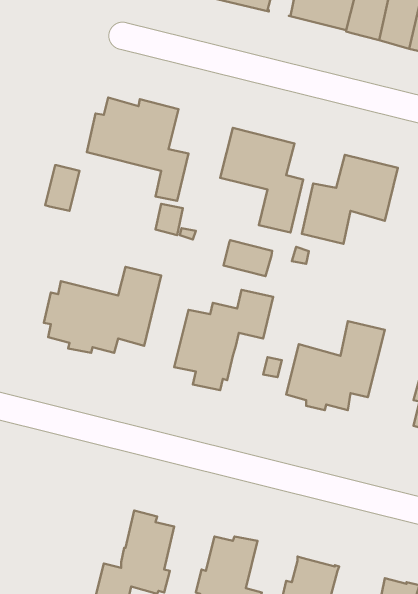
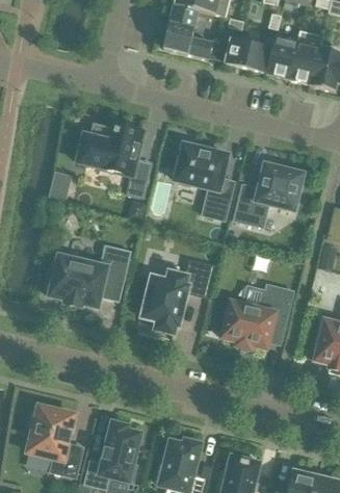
building: [224,240,272,276] -> none
building: none -> [27,405,82,475]

